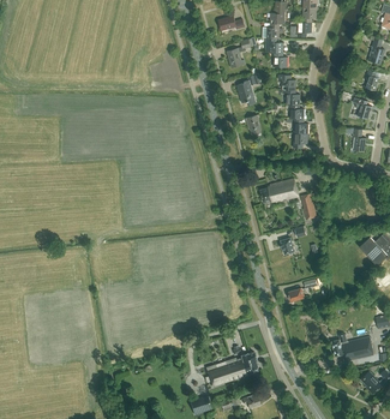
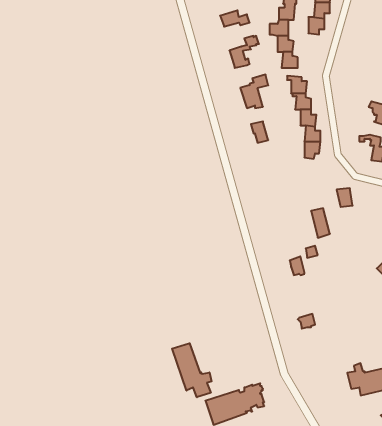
building: [260,178,299,203] -> none
building: none -> [172,343,212,397]

